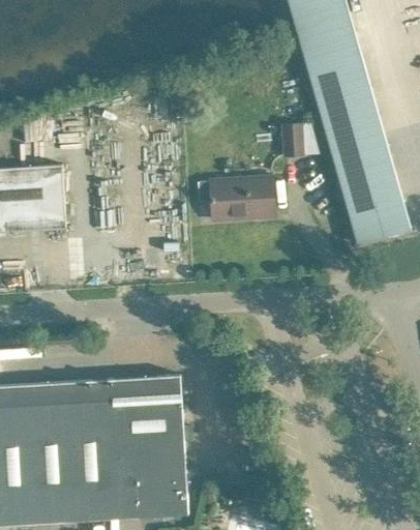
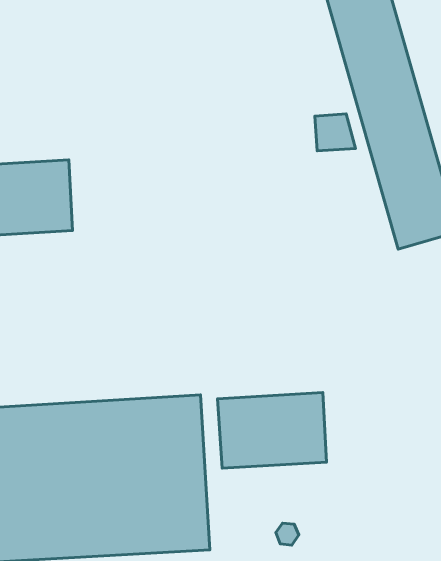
building: [199,179,275,220] -> none
building: none -> [217,392,327,468]

